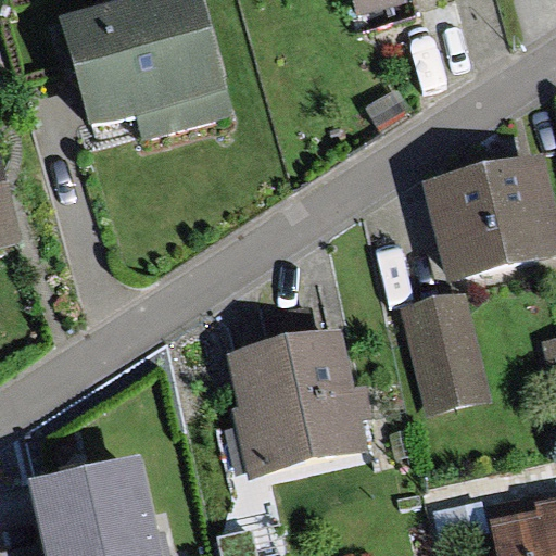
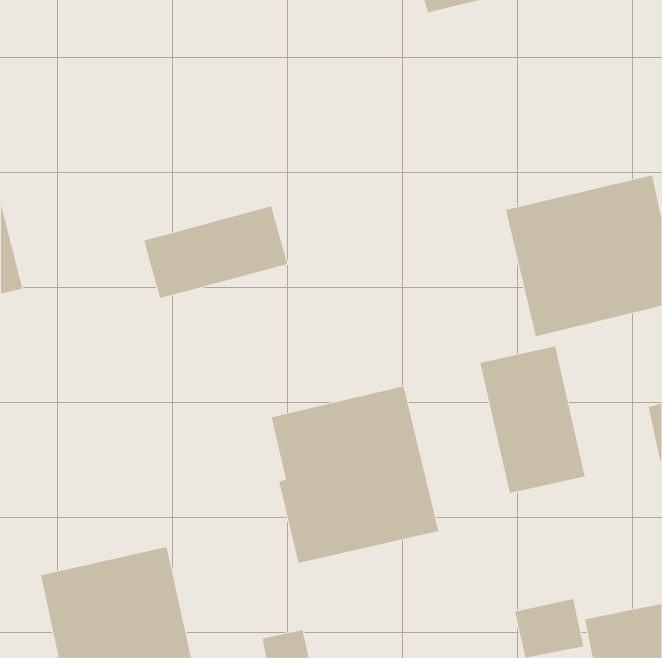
building: [59,5,213,151] -> none
building: none -> [143,206,288,299]

